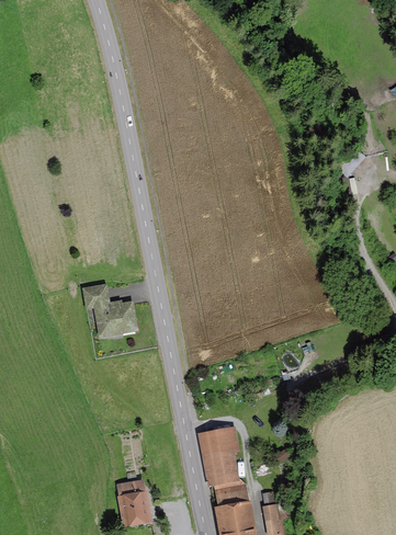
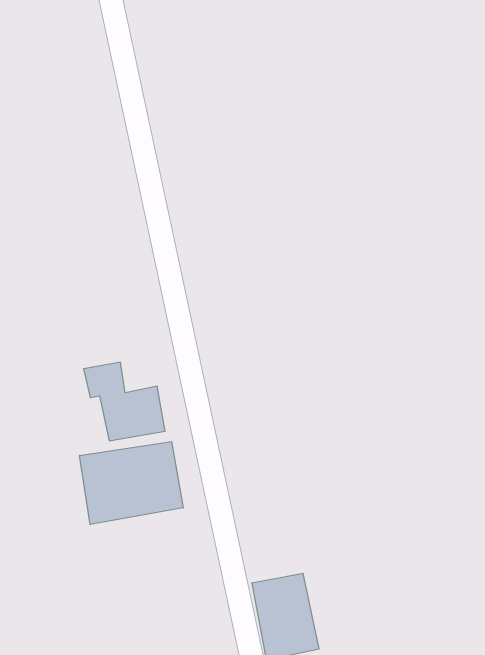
building: none -> [80,442,183,525]

